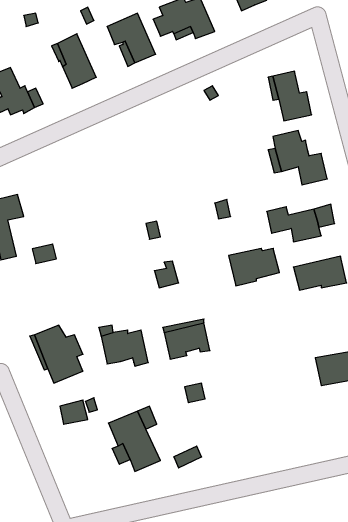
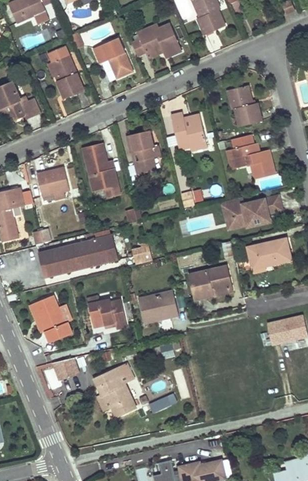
building: none -> [170,112,207,151]
building: none -> [126,130,160,174]
building: none -> [83,144,118,191]
building: none -> [36,167,69,202]
building: [229,248,279,286] -> [189,268,231,299]
building: none -> [39,235,117,277]

